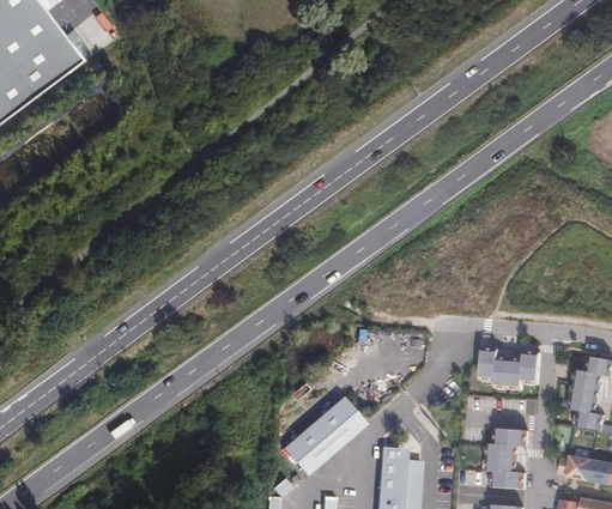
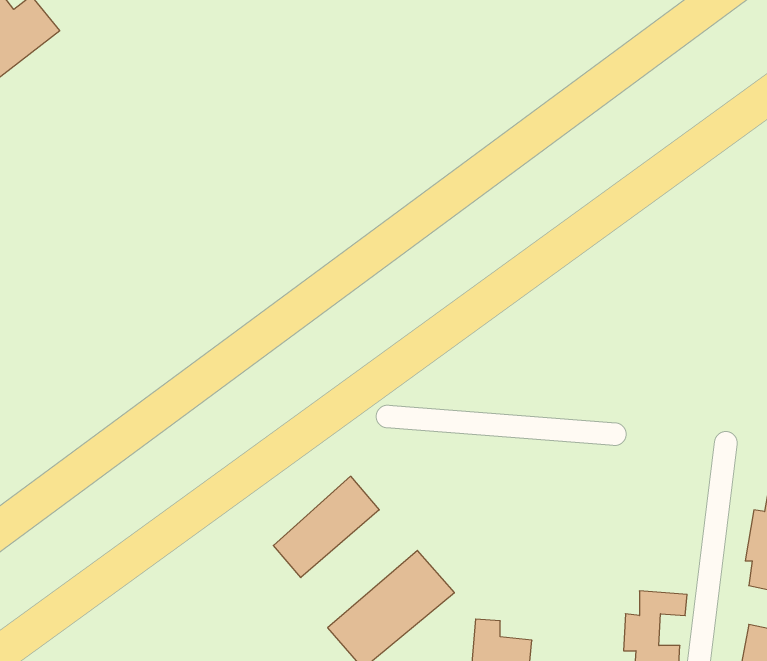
building: [478,347,537,389] -> none
building: none -> [273,476,379,578]

